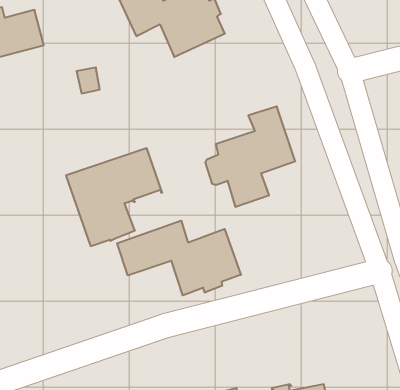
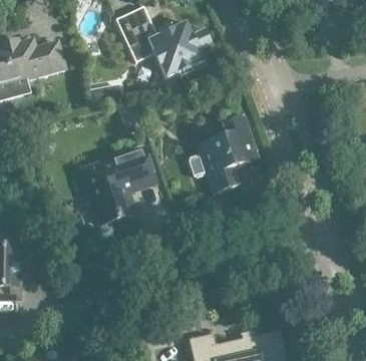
building: [117,221,241,295] -> none

